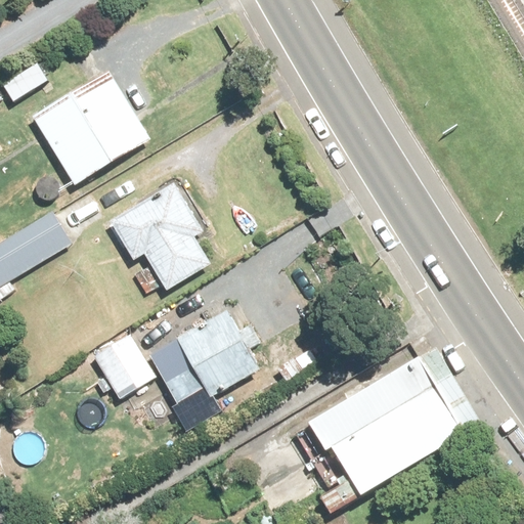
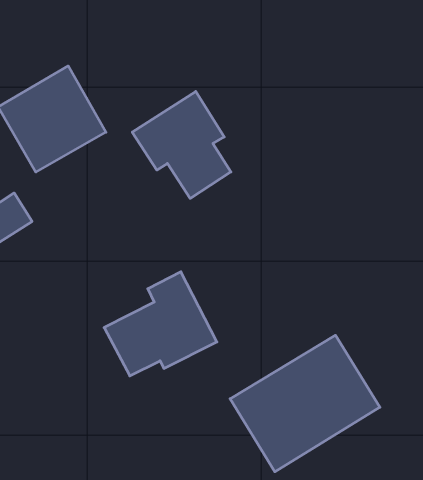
building: [107,177,214,293] -> [132,91,231,198]
building: [92,333,158,401] -> none

